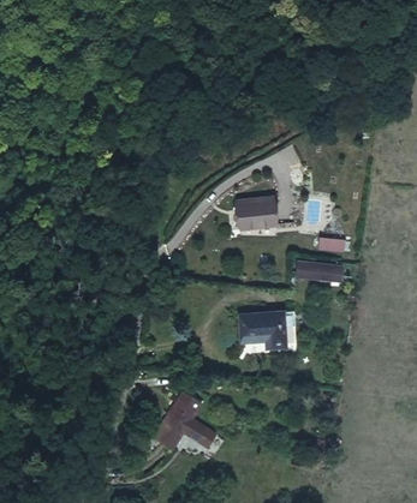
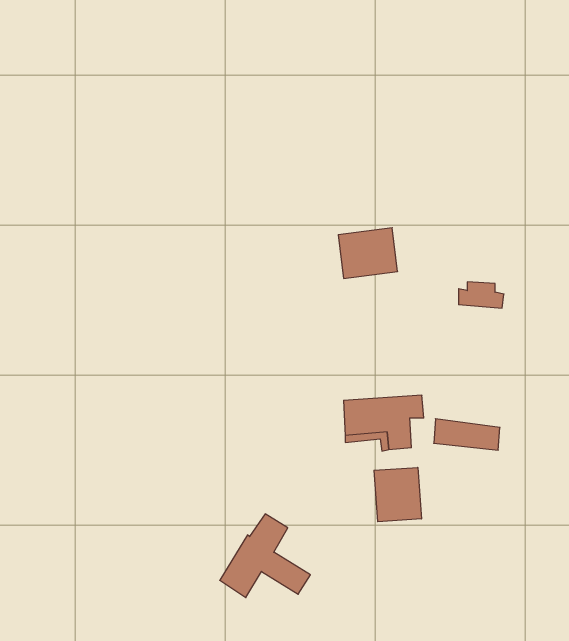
building: [294,261,340,282] -> [434,419,500,450]
building: none -> [374,467,421,522]

